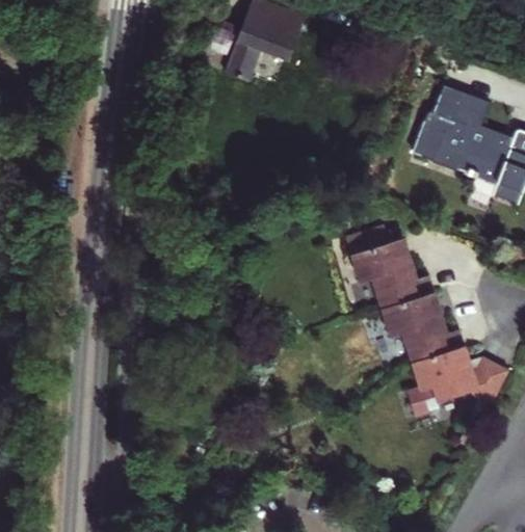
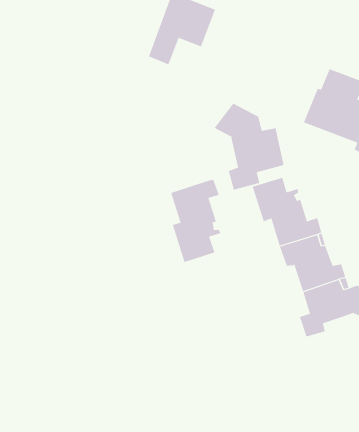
building: none -> [214,103,284,190]
building: none -> [170,179,221,263]

